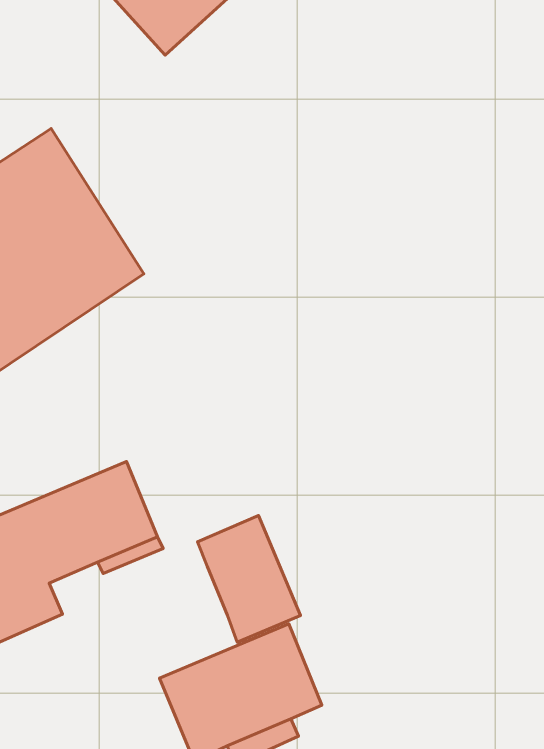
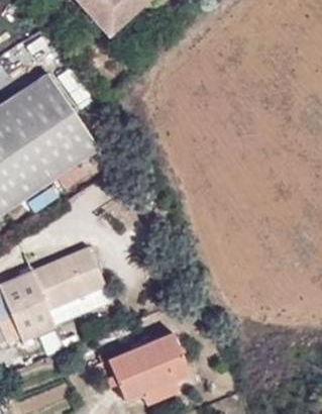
building: [197,515,300,642] -> none

